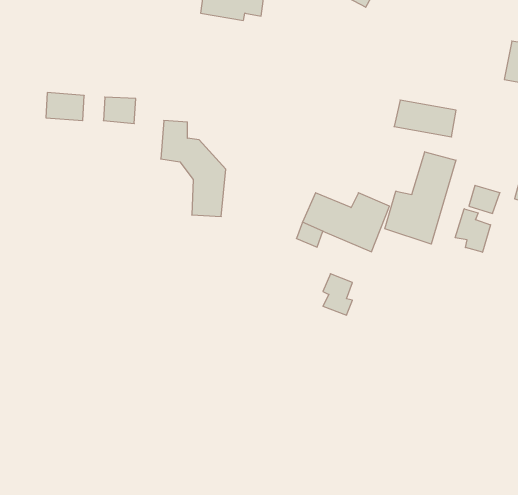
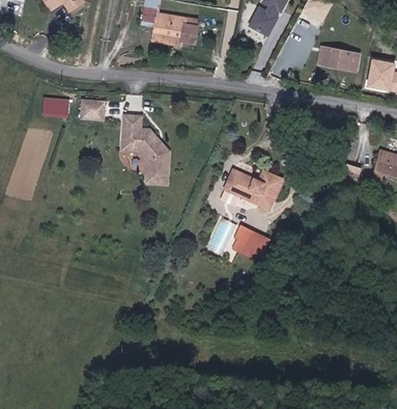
building: [394,100,456,137] -> [316,47,360,73]
building: [385,152,456,244] -> none
building: [455,209,491,252] -> none

